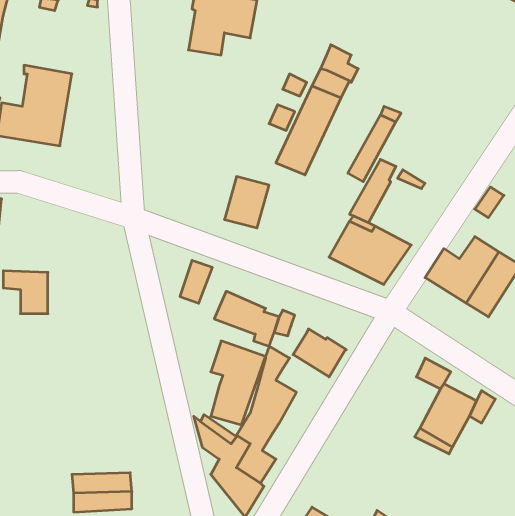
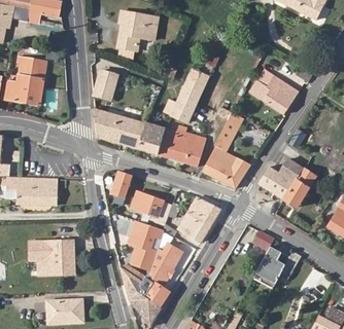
building: none -> [92,69,117,100]
building: none -> [249,71,298,112]
building: none -> [93,108,145,148]
building: none -> [158,127,206,164]
building: none -> [32,180,57,205]
building: none -> [188,198,220,226]
building: none -> [35,242,73,276]

